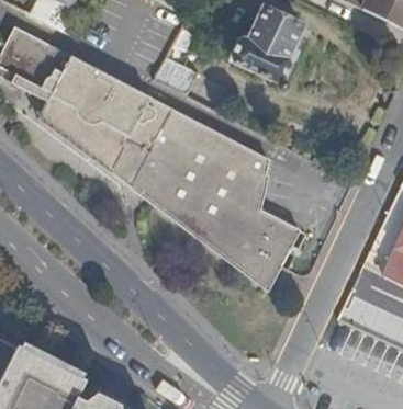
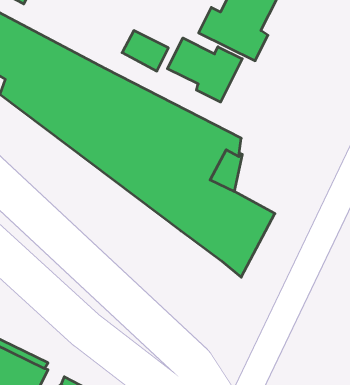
building: none -> [167,38,242,102]

